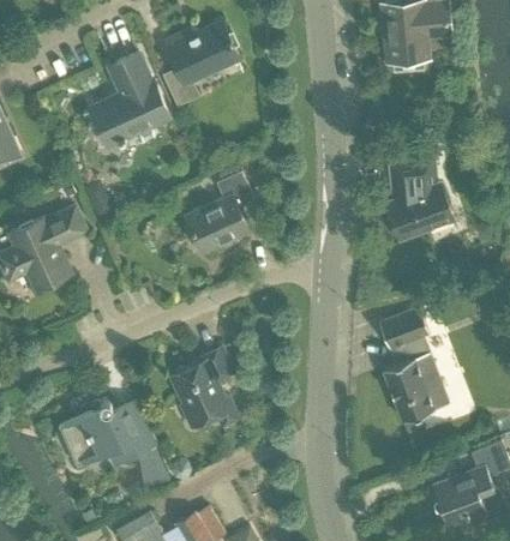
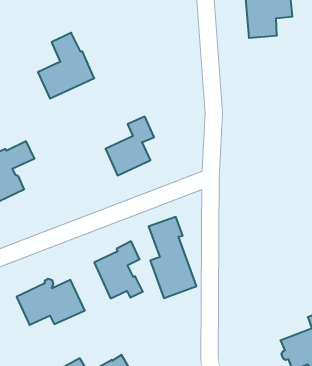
building: [164,22,239,106] -> none
building: [388,158,452,238] -> none
building: [380,308,448,422] -> [149,217,196,298]
building: [139,447,170,489] -> none

